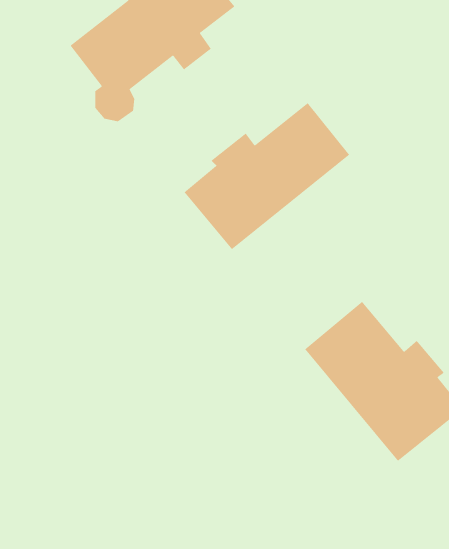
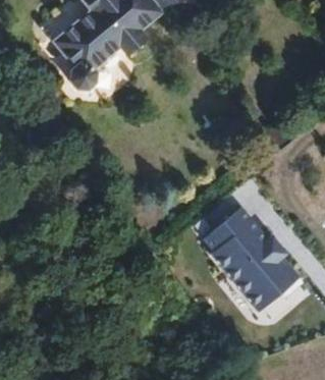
building: [184,102,350,250] -> none

